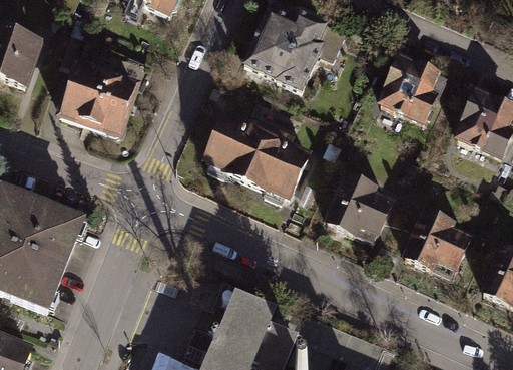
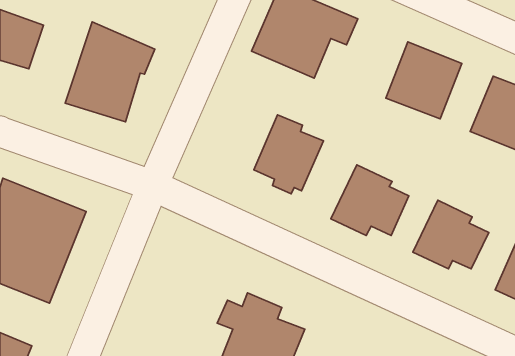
building: [198,110,268,178] -> none

